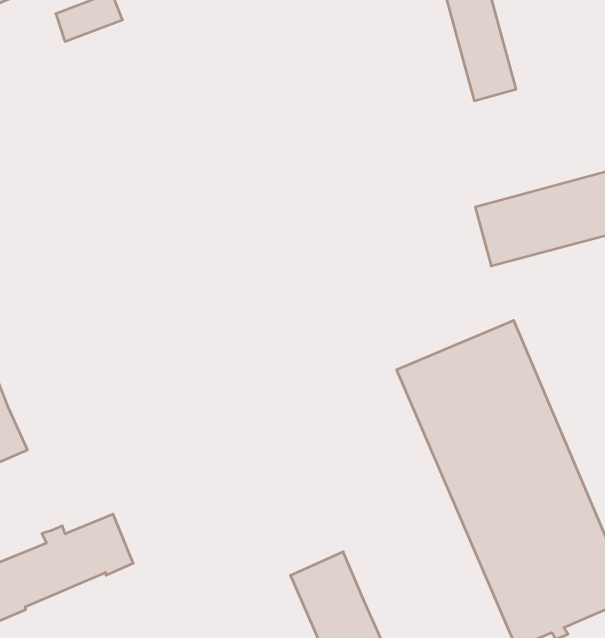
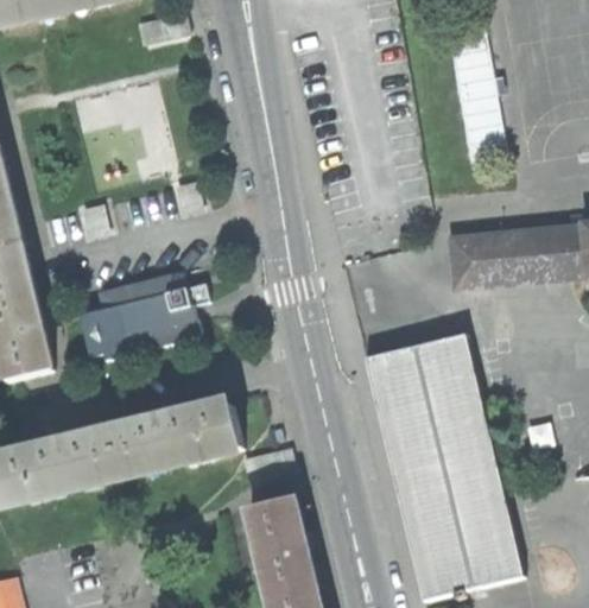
building: none -> [64,274,194,362]
building: none -> [113,405,243,476]

